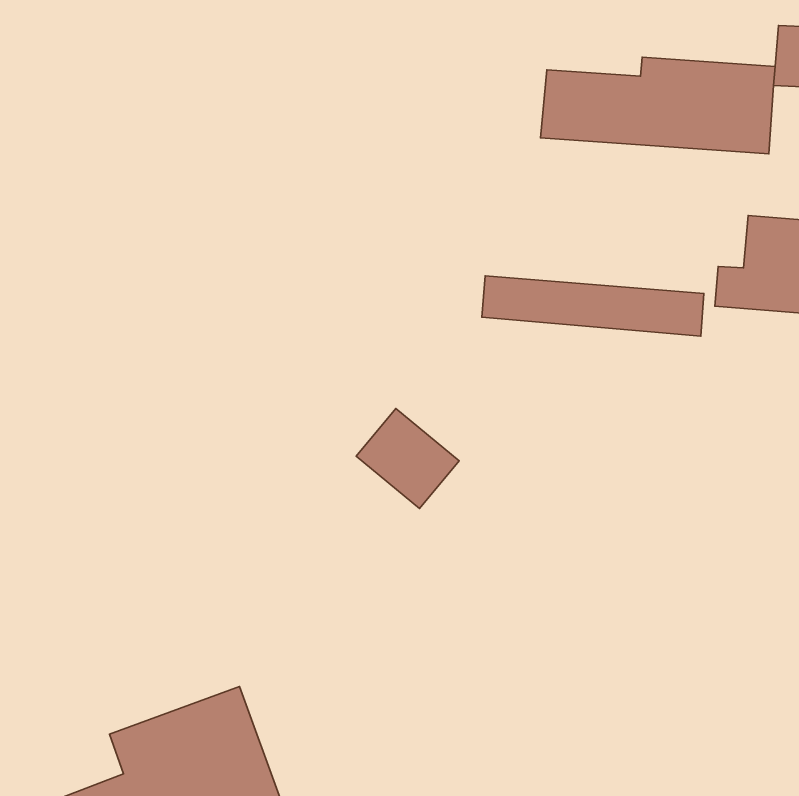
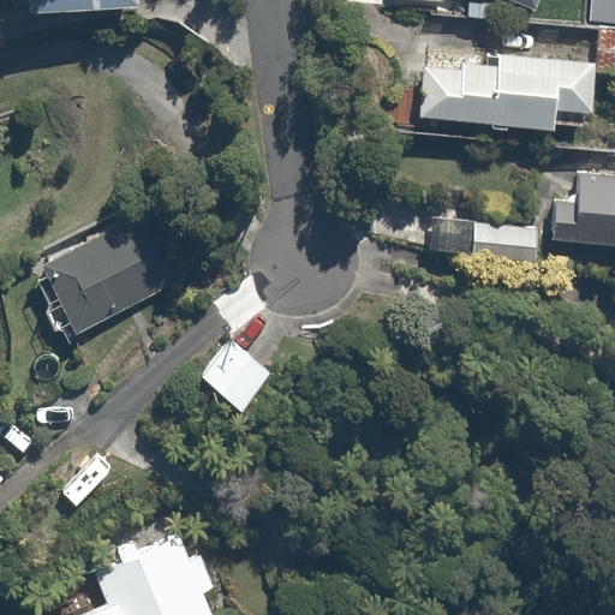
building: none -> [36,201,196,344]
building: [356,409,459,508] -> [195,336,273,412]

